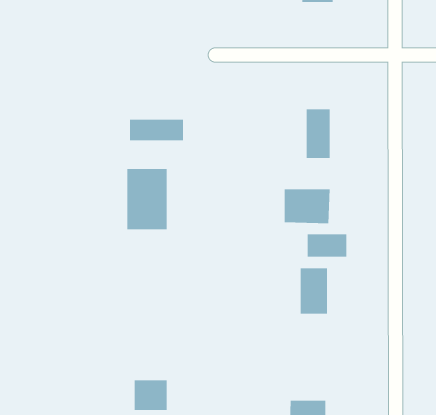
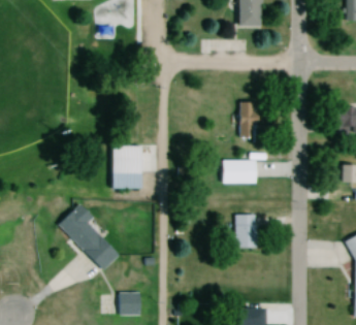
building: [130,119,183,141] -> none
building: [307,234,347,257] -> none
building: none -> [58,203,121,272]

